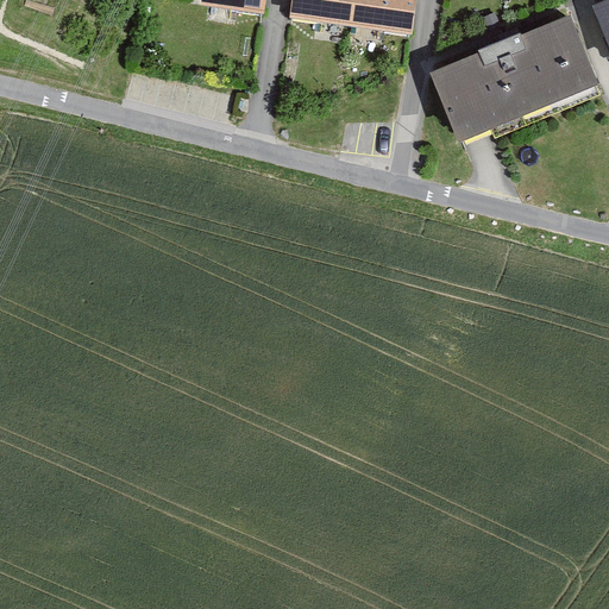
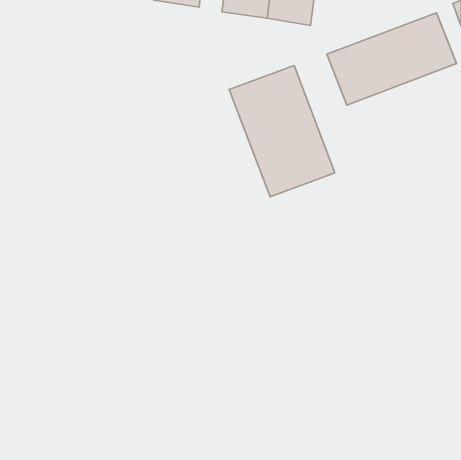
building: none -> [229,65,335,197]

